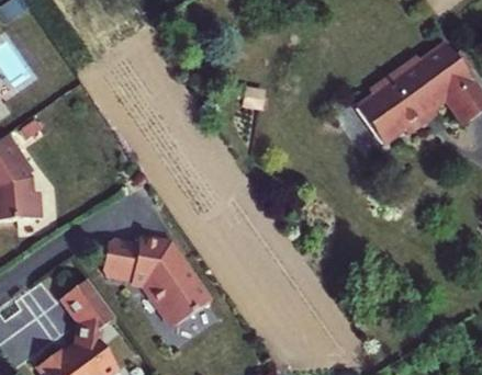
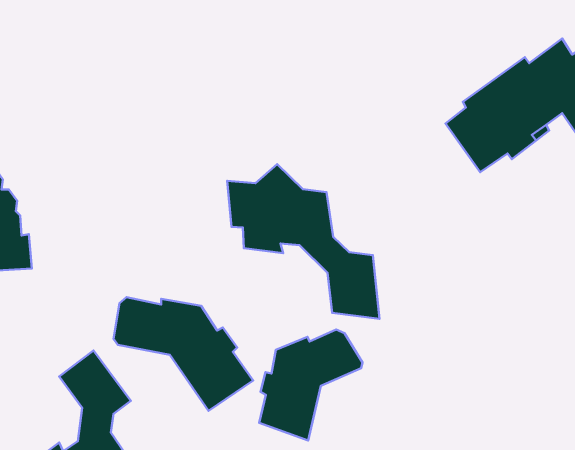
building: none -> [227,164,379,319]
building: none -> [259,329,363,441]

